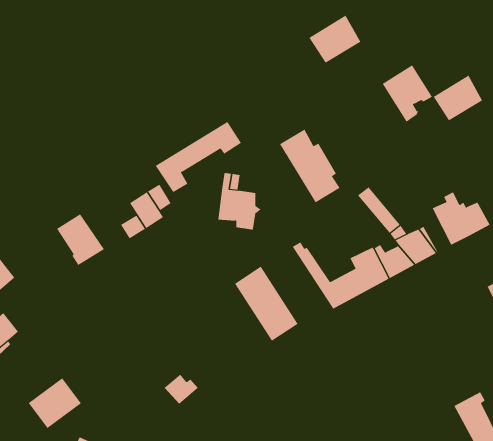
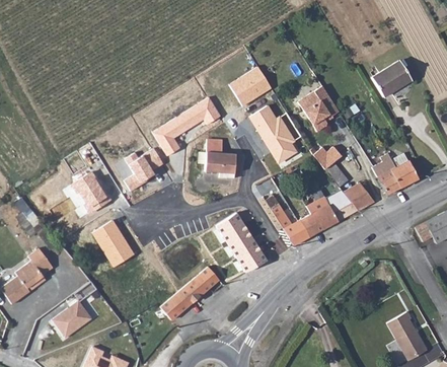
building: [309,15,361,63] -> [230,66,272,104]
building: [382,65,433,122] -> [298,86,339,132]
building: none -> [94,220,136,266]
building: none -> [173,268,219,308]

